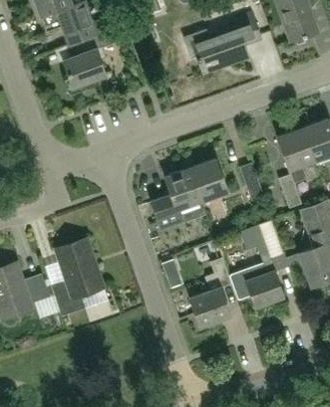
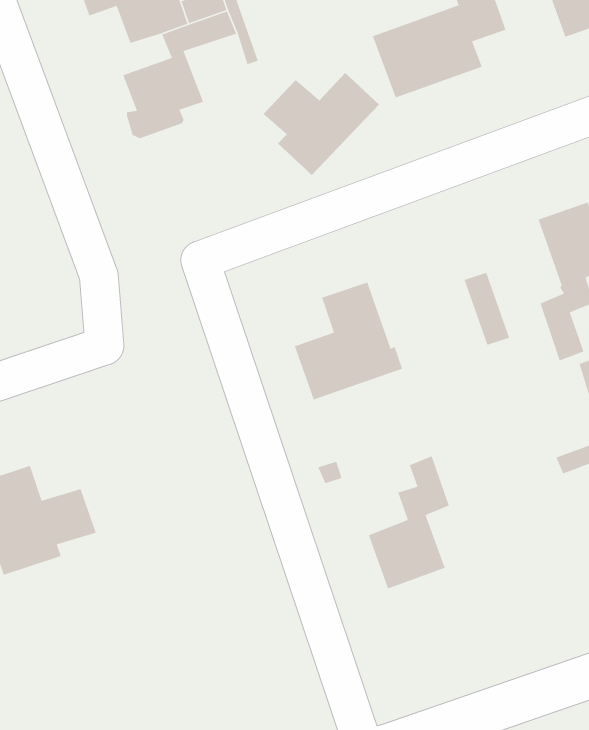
building: none -> [262,72,380,176]
building: [190,158,229,202] -> none
building: [239,220,290,307] -> none
building: [52,239,103,317] -> none

